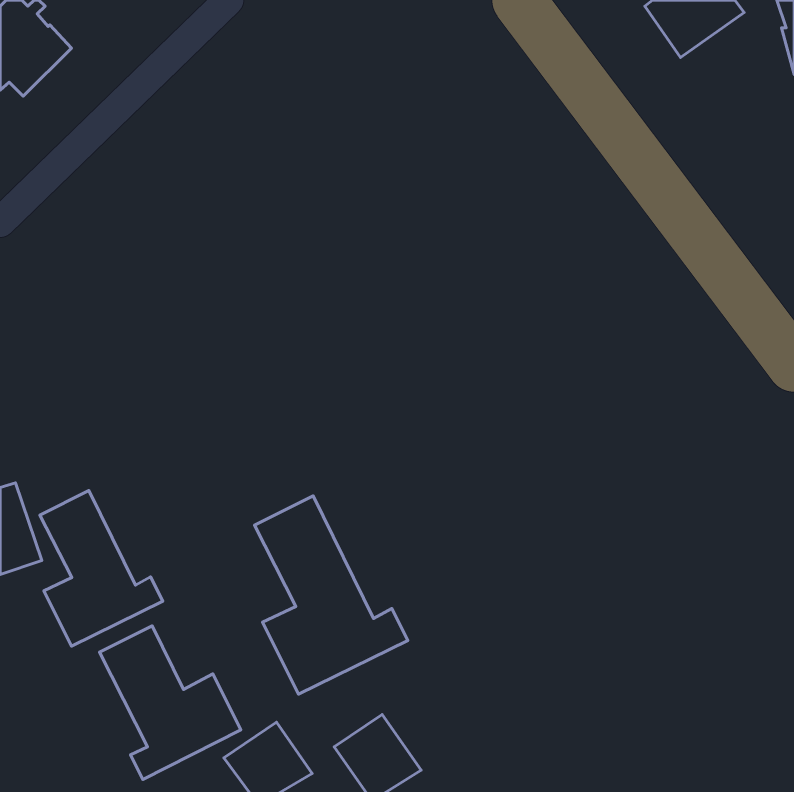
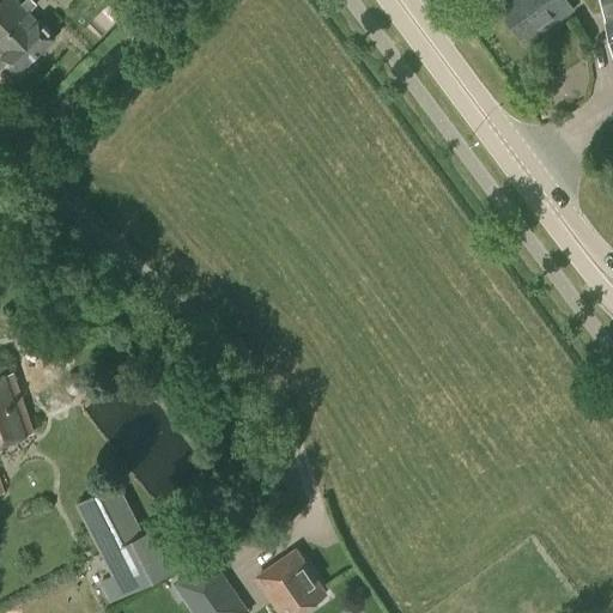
building: [40,491,163,646] -> none
building: [254,496,408,694] -> none

